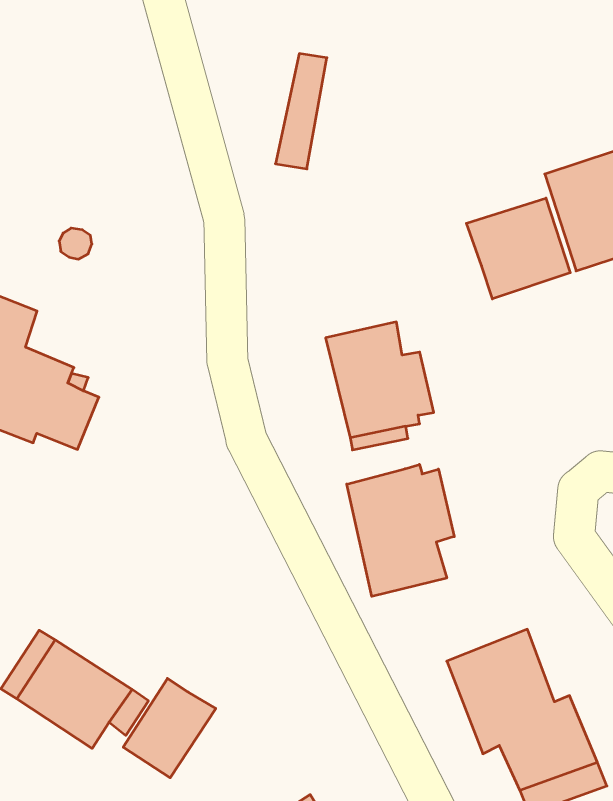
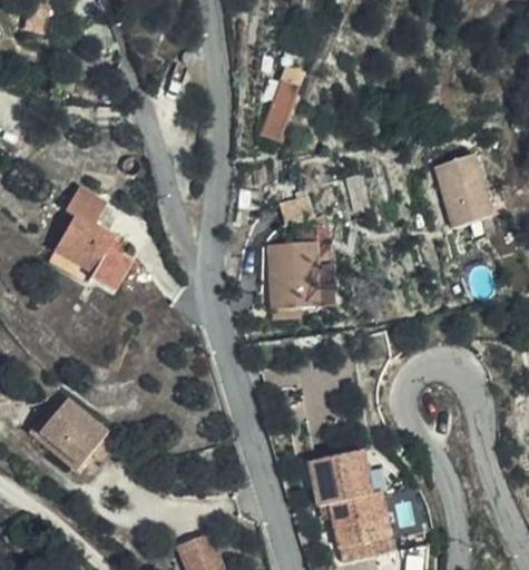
building: [466,198,570,299] -> none
building: [347,464,454,596] -> none
building: [123,678,216,778] -> none

